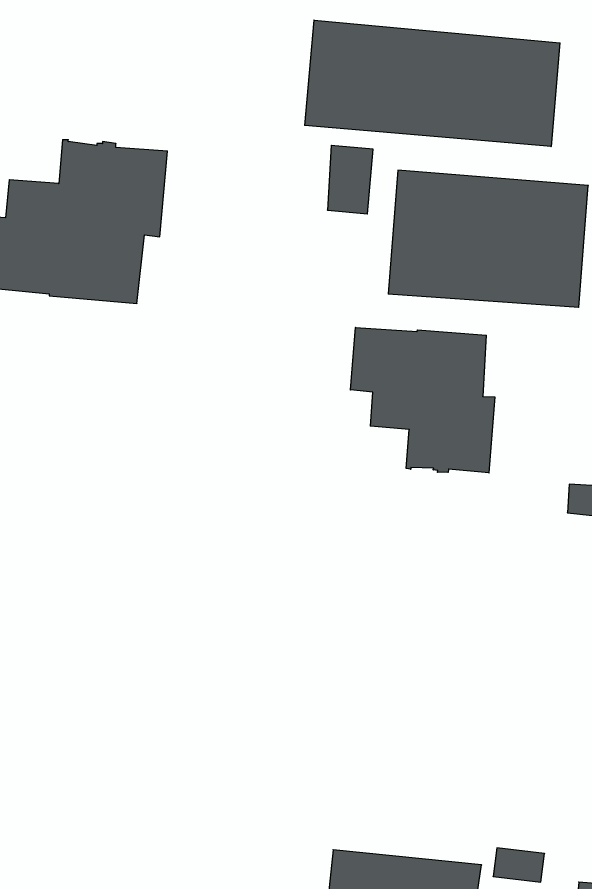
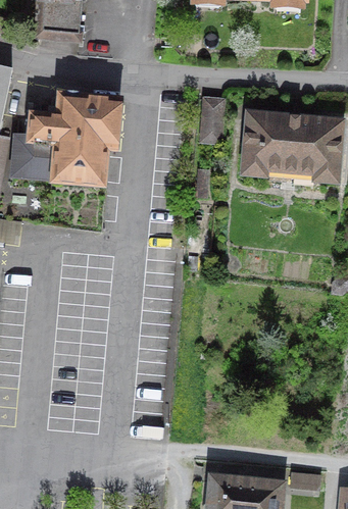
building: [305,20,560,147] -> none
building: [350,327,495,473] -> none

